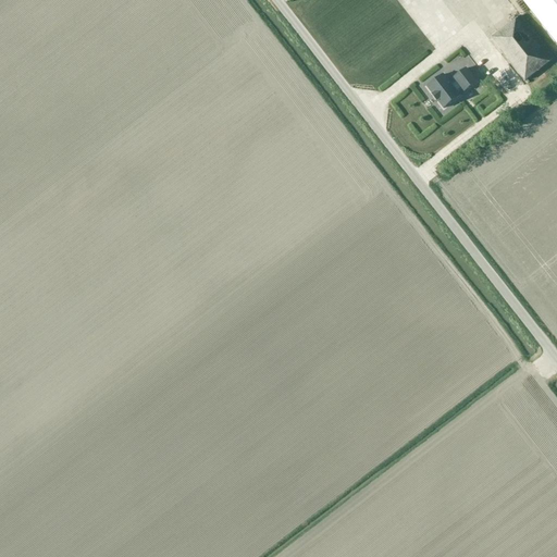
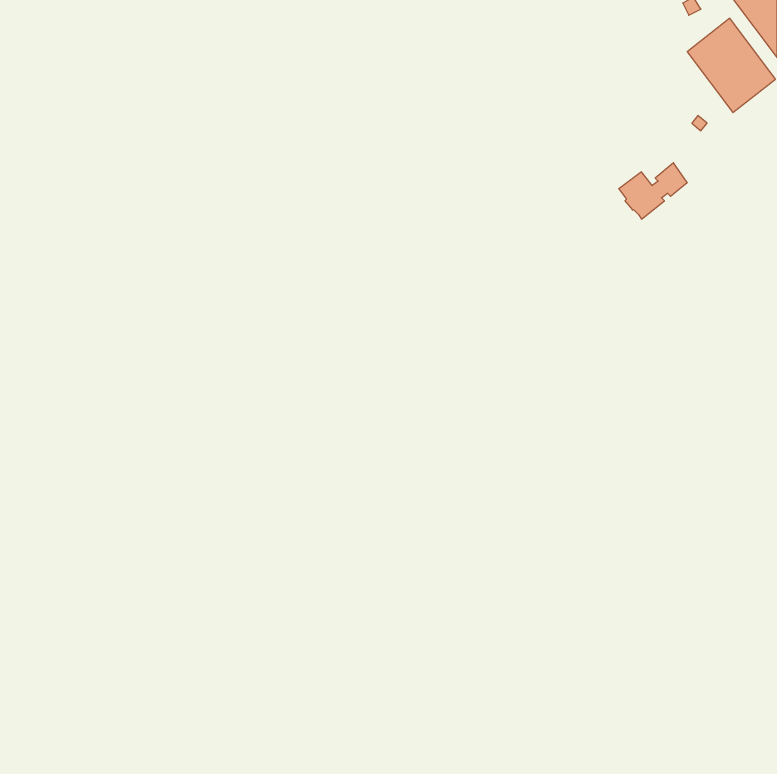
building: [428,66,476,107] -> [619,163,687,219]

